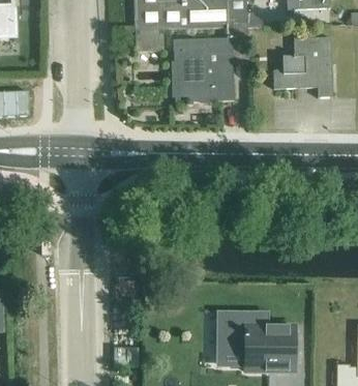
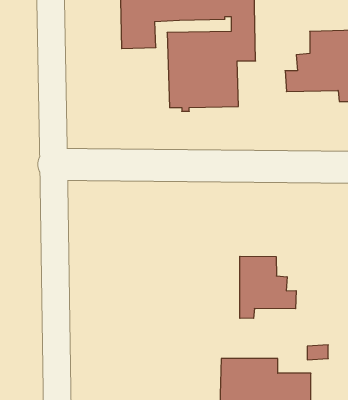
building: none -> [240,256,296,318]

